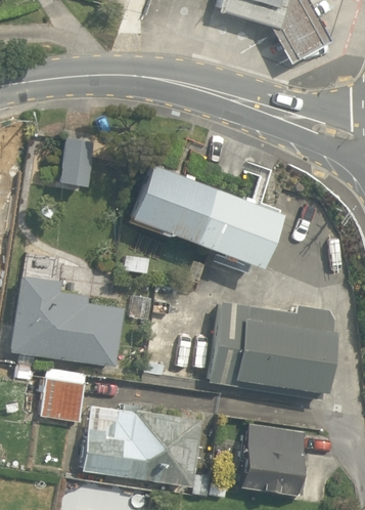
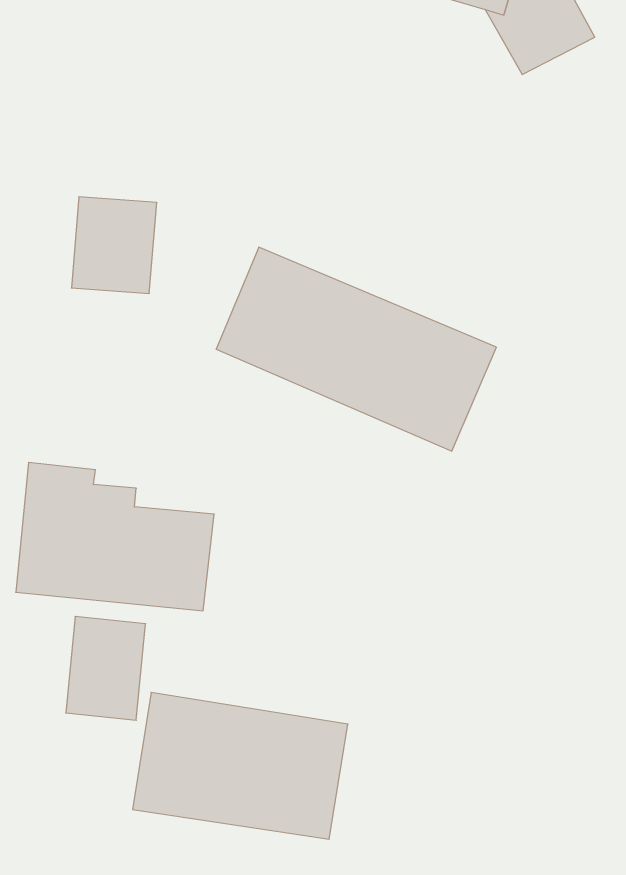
building: [214,300,332,396] -> none
building: [237,424,310,502] -> none

